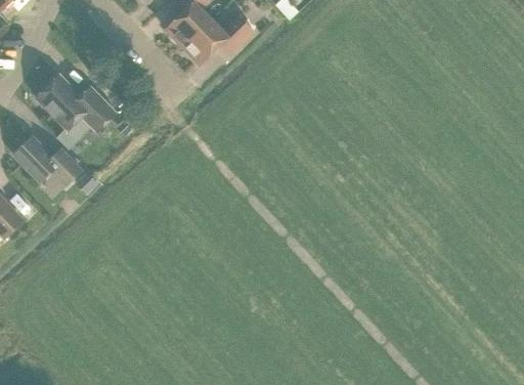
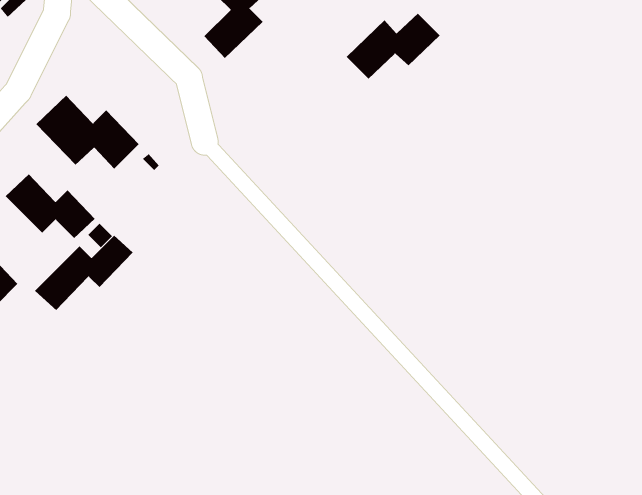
building: [181,13,254,65] -> [346,13,440,79]
building: none -> [34,235,134,311]

